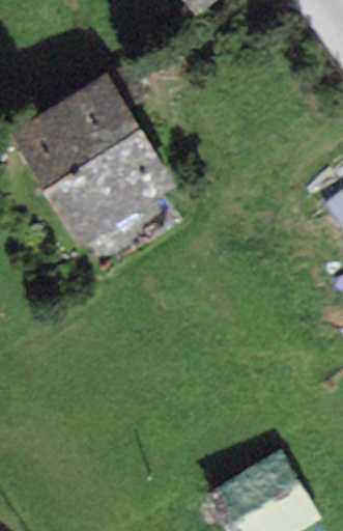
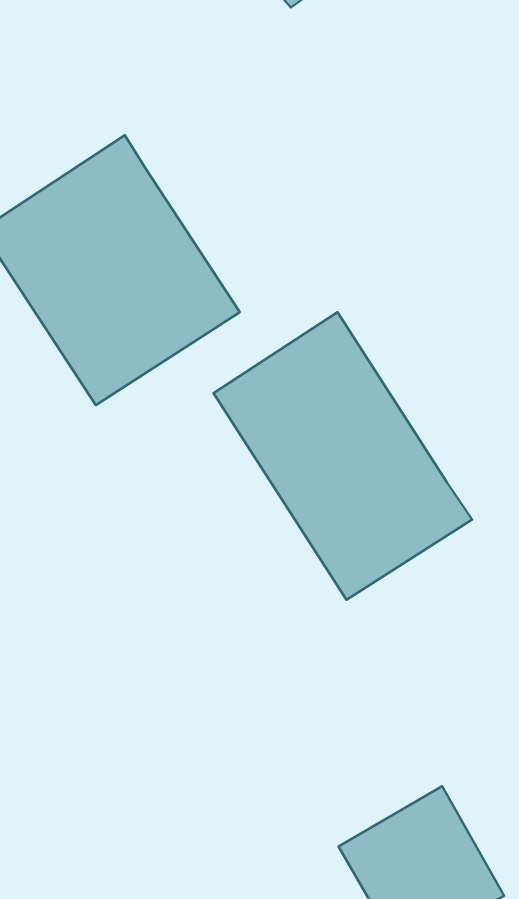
building: none -> [214,312,472,600]

